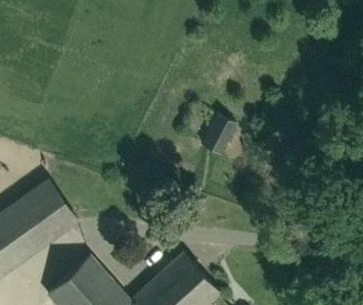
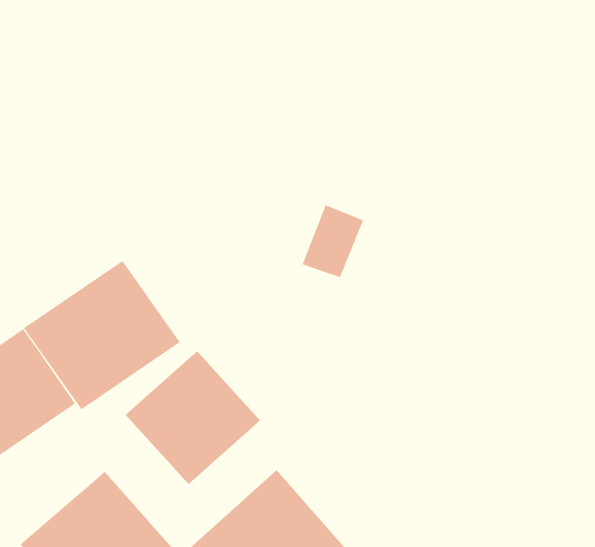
building: none -> [23,260,181,410]
building: none -> [125,351,261,485]

